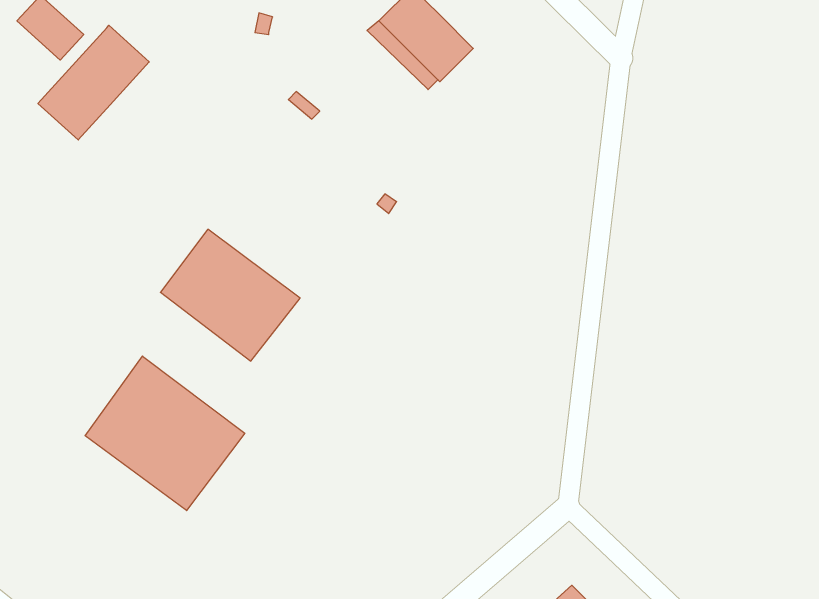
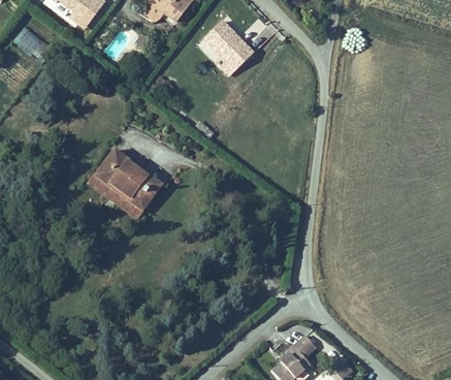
building: [38,25,149,140] -> none
building: [85,356,245,511] -> none

